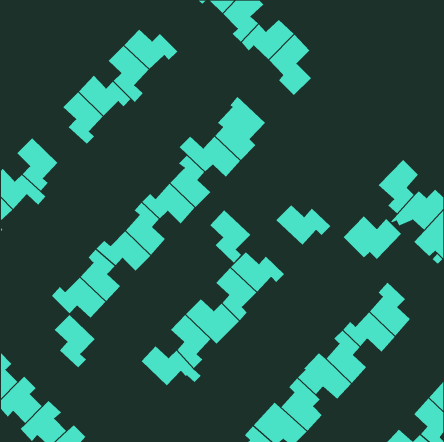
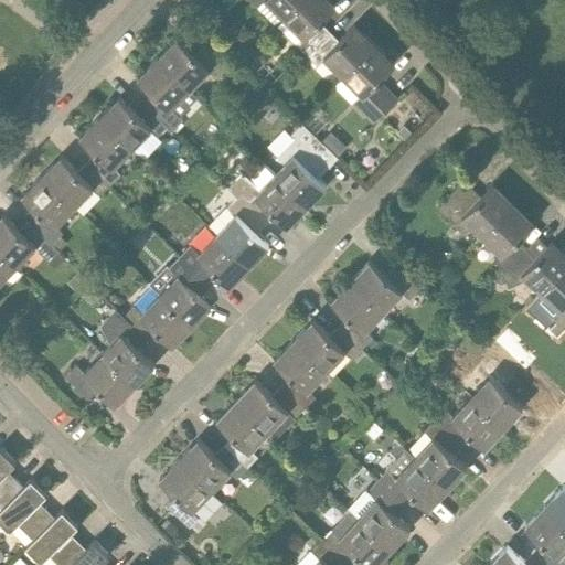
building: none -> [41,158,110,210]
building: [210,210,251,263] -> [331,282,384,351]
building: [343,215,402,260] -> [437,182,512,238]
building: [54,314,96,368] -> [159,461,212,530]

